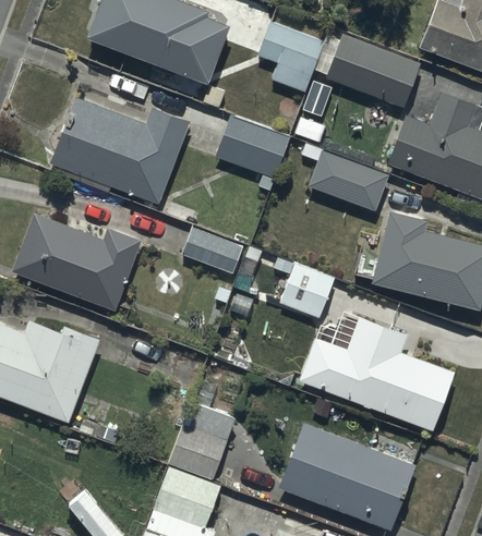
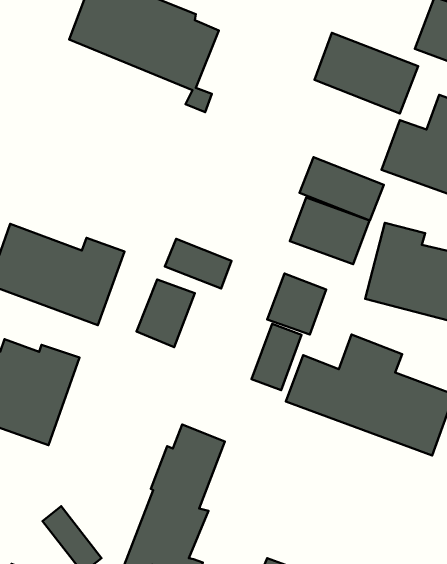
building: [257,22,326,94] -> none
building: [50,97,192,204] -> none
building: [215,115,290,179] -> [290,198,369,264]
building: none -> [136,279,195,347]
building: none -> [252,324,302,390]
building: [276,424,414,531] -> none

